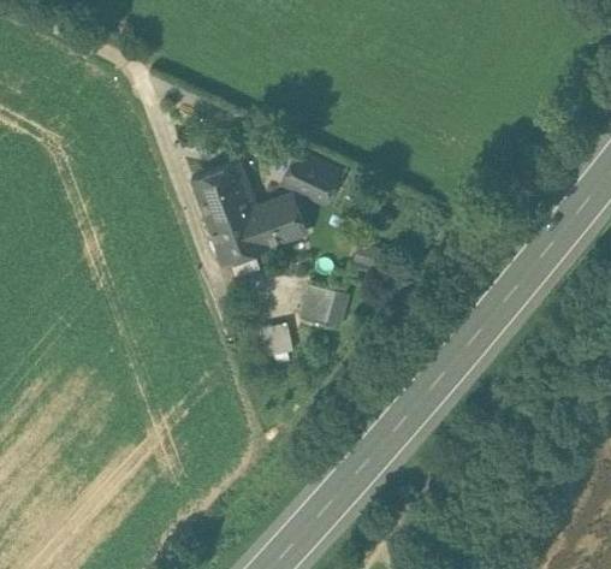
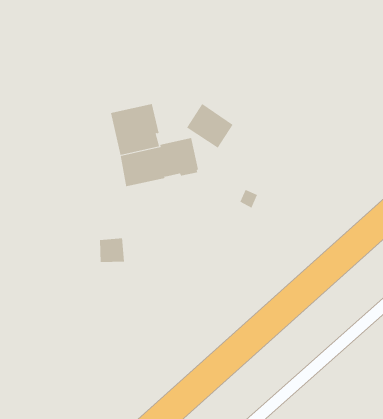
building: [298,285,334,326] -> none
building: [259,325,292,357] -> [99,238,125,262]

